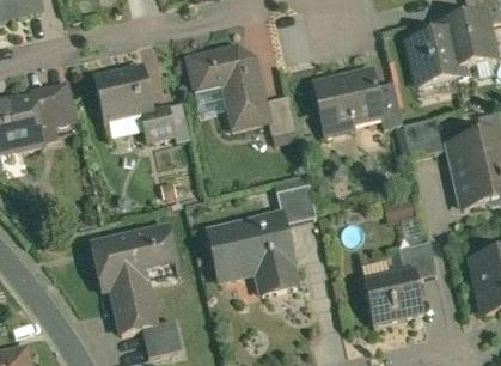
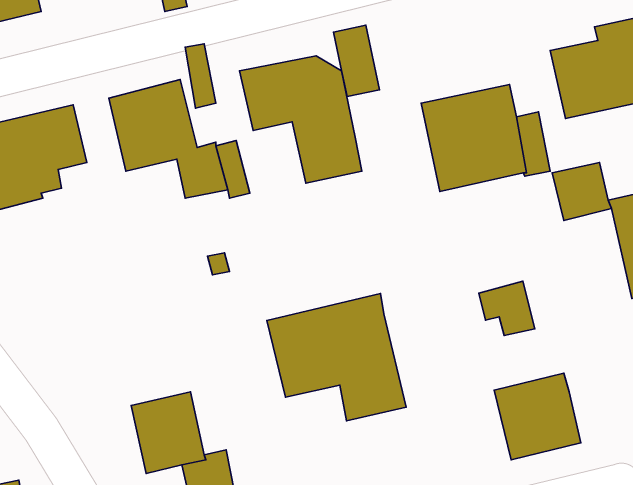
building: [264,94,297,145] -> [334,25,379,97]
building: [277,184,316,224] -> none
building: [88,222,178,289] -> none
building: [397,240,436,279] -> [479,281,535,336]

